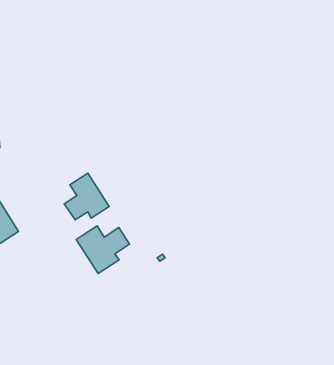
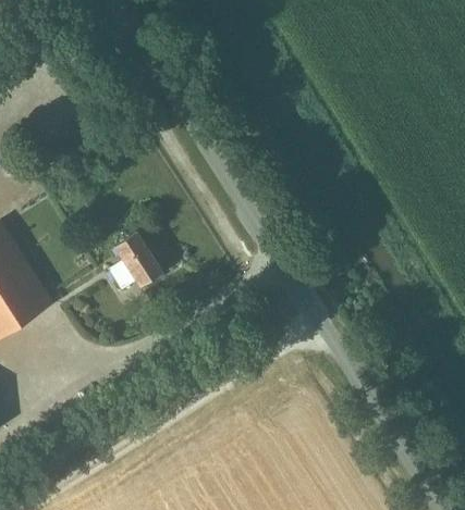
building: [76,226,129,273] -> none

